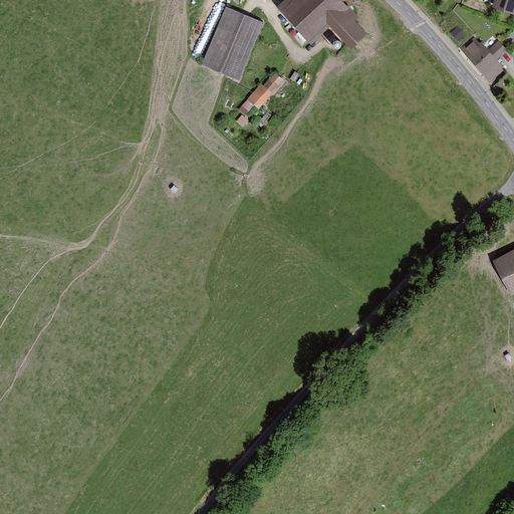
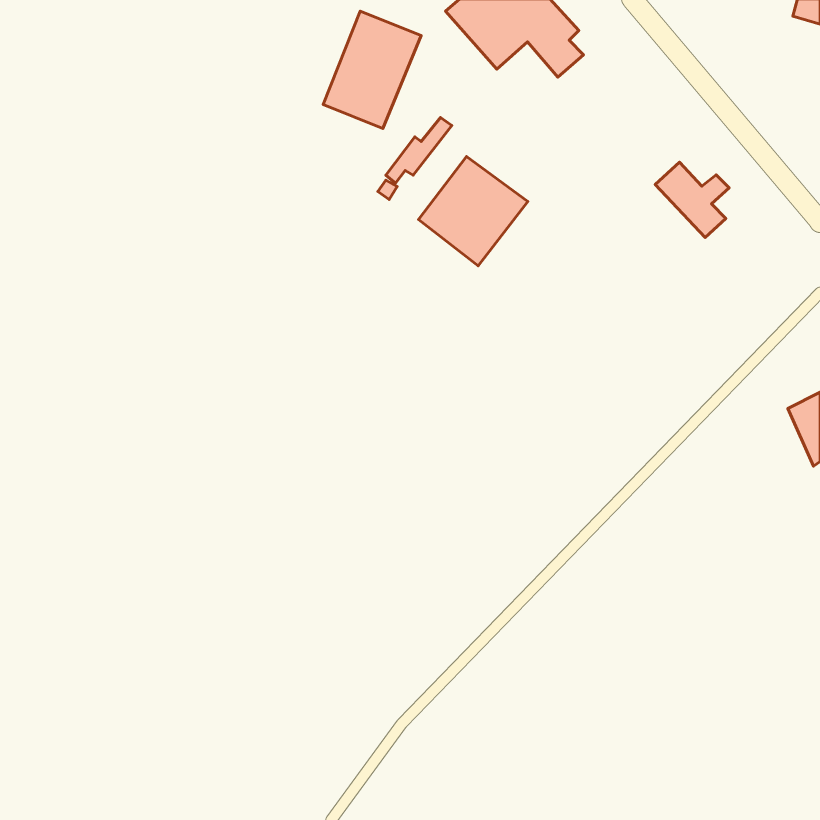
building: [460,35,506,82] -> [655,162,729,238]
building: none -> [418,157,528,266]

